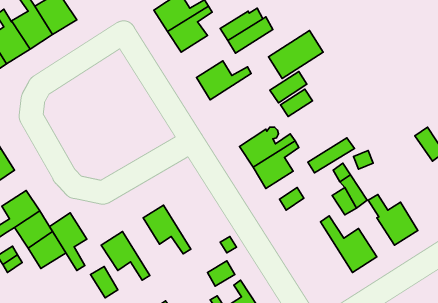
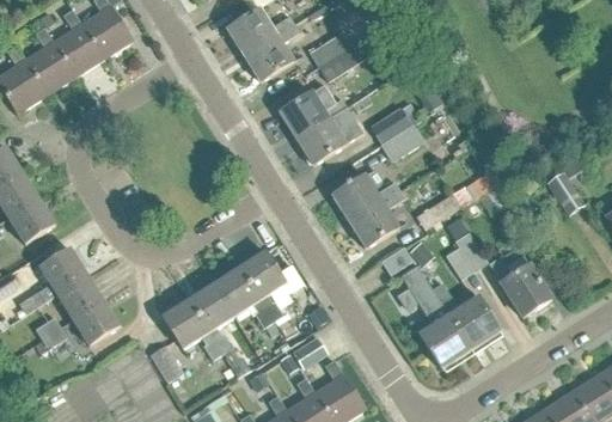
building: [268,31,323,78] -> [296,105,363,164]
building: none -> [239,250,294,329]
building: none -> [402,264,471,367]
building: [50,213,87,270] -> [189,282,234,353]

